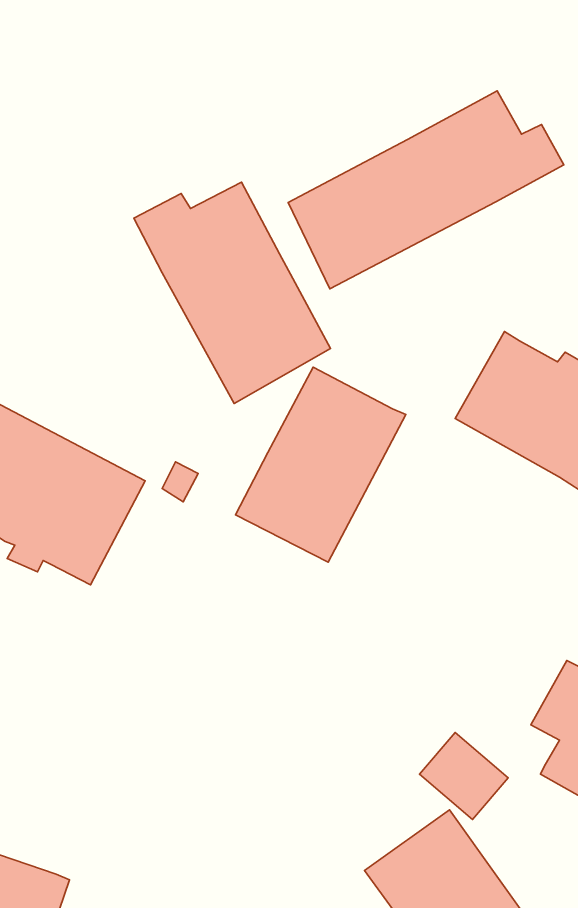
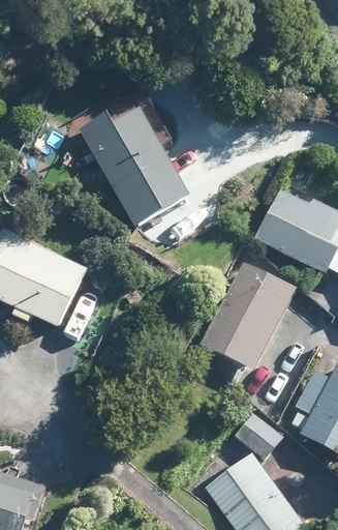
building: [288,91,564,289] -> none
building: [236,367,406,562] -> [199,264,293,371]

